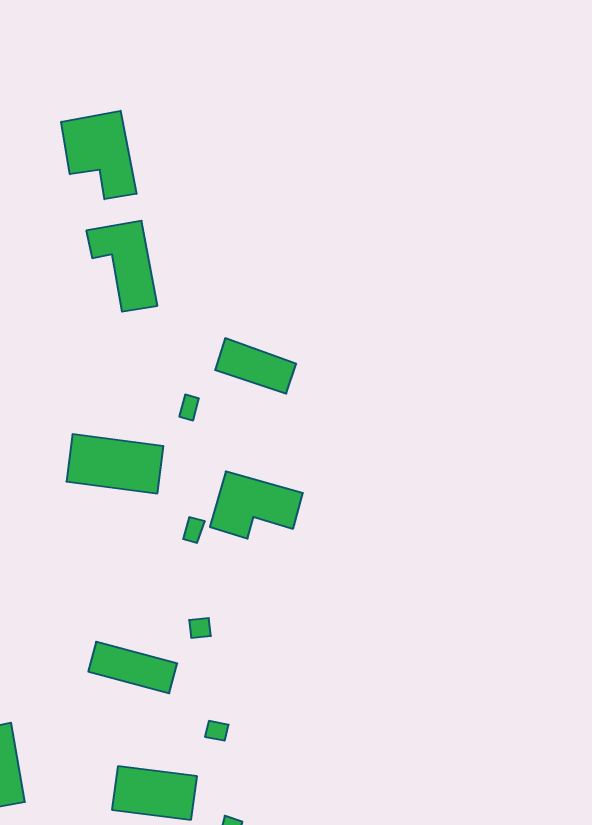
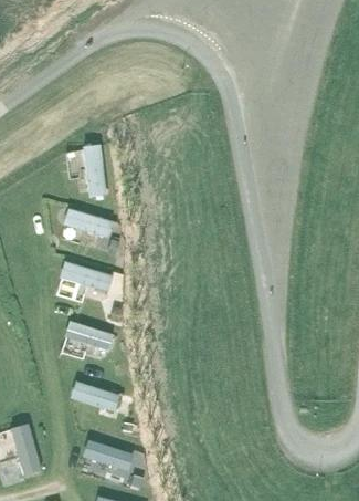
building: [61,111,136,199] -> none
building: [215,338,296,394] -> [64,206,109,237]
building: [210,471,303,539] -> [62,320,114,357]

